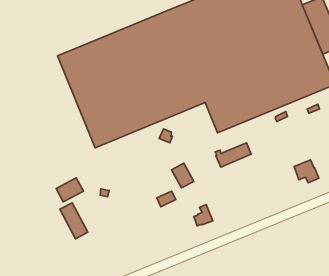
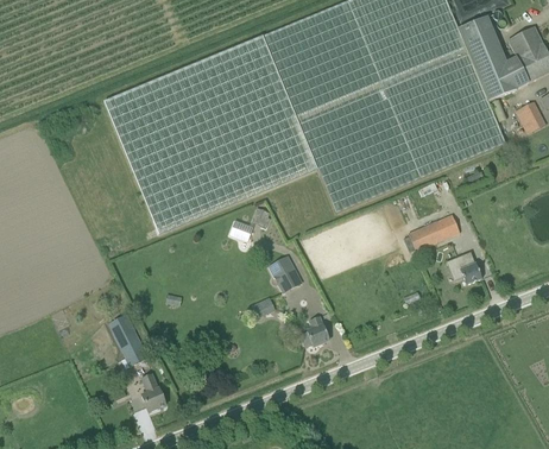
building: [215,143,251,167] -> [406,214,459,249]
building: [56,178,83,202] -> none
building: none -> [140,372,165,411]

